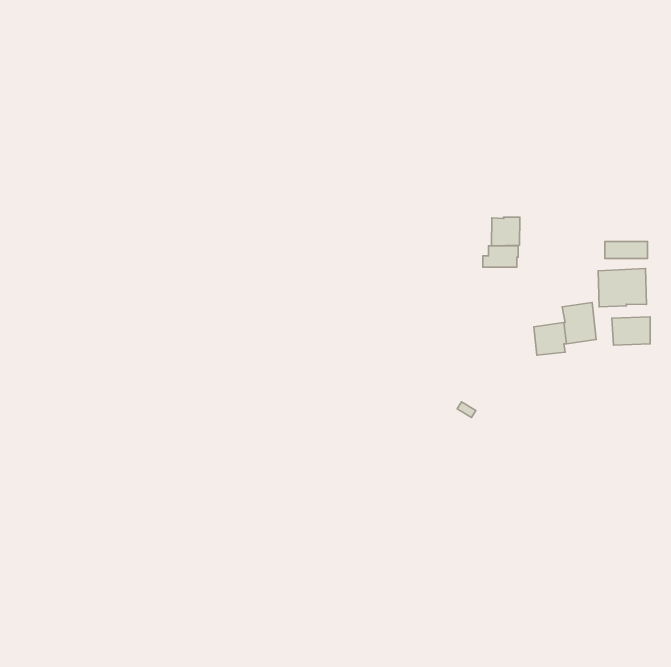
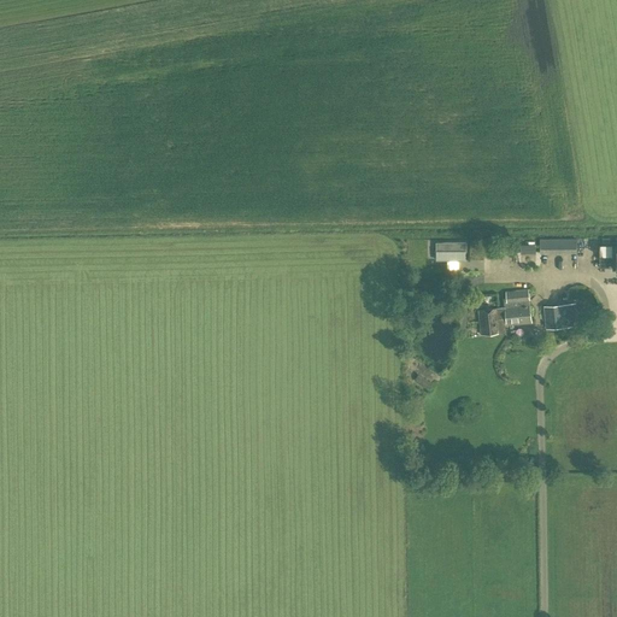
building: [492,217,520,246] -> none
building: [598,268,647,307] -> none

